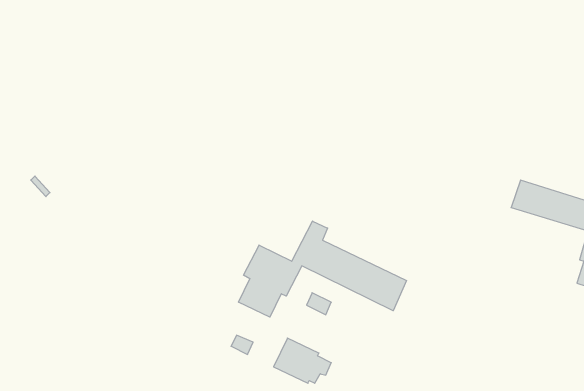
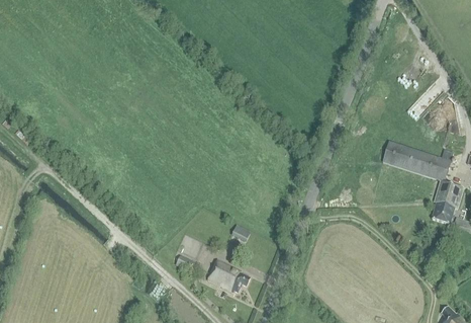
building: [239,221,406,317] -> none

